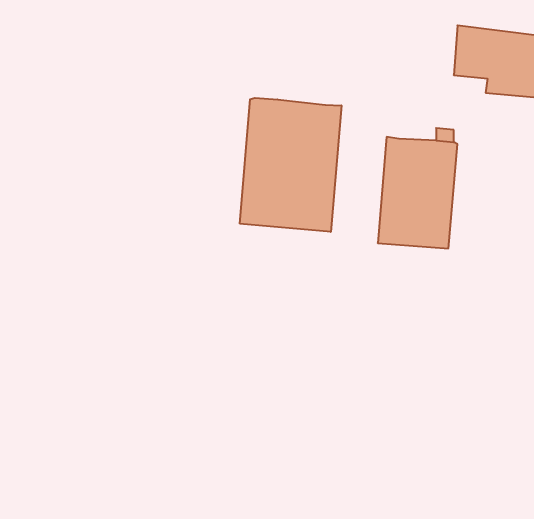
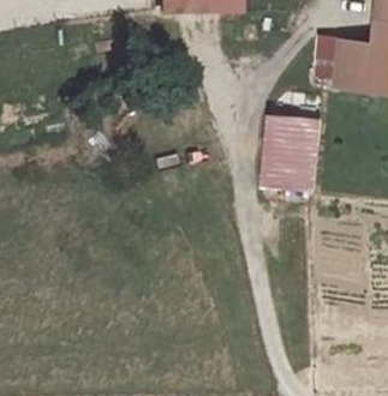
building: [240,98,341,232] -> none

